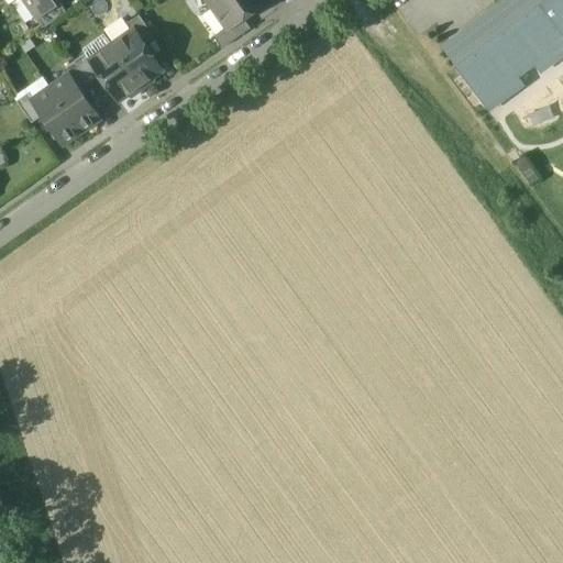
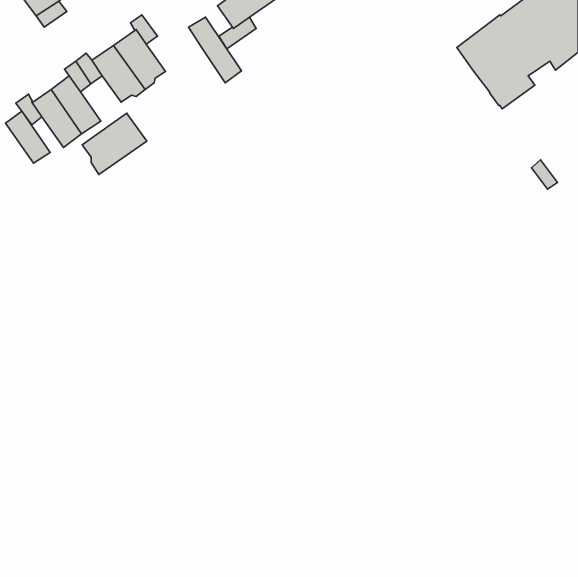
building: none -> [188,17,241,83]
building: none -> [6,111,50,163]
building: none -> [82,113,147,174]

